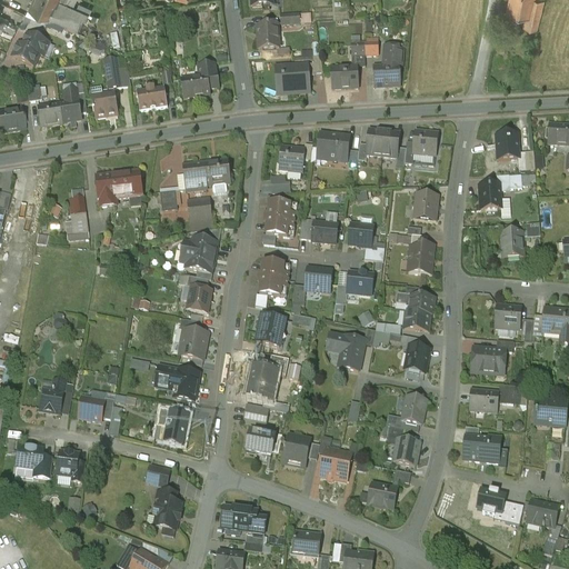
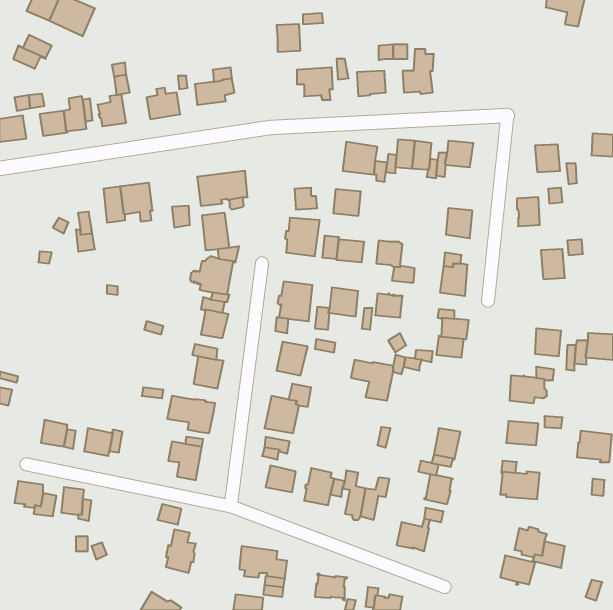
building: [279,147,305,171] -> [333,189,361,216]
building: [403,345,428,373] -> none
building: [526,500,558,527] -> [500,555,535,584]

